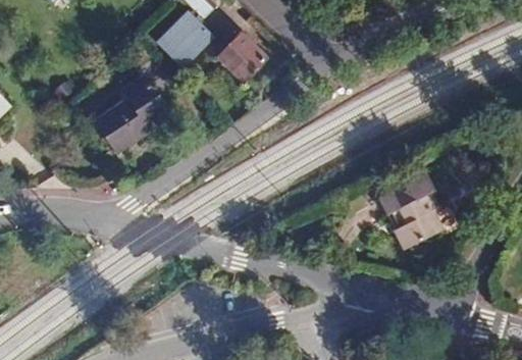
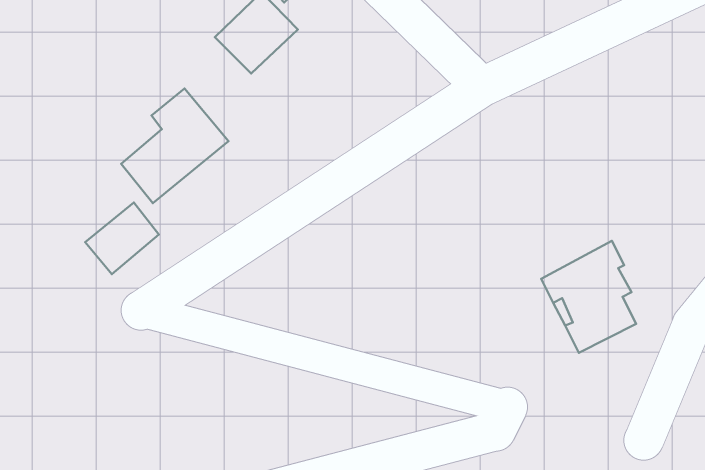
building: [212,31,266,81] -> none
building: none -> [85,203,159,274]

